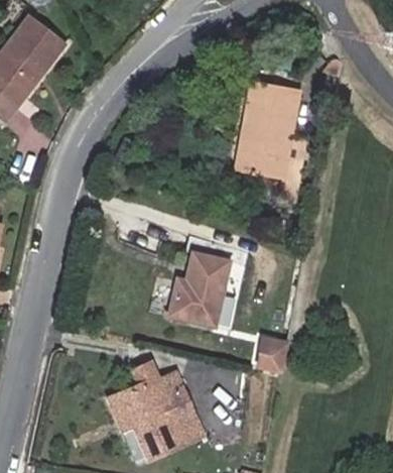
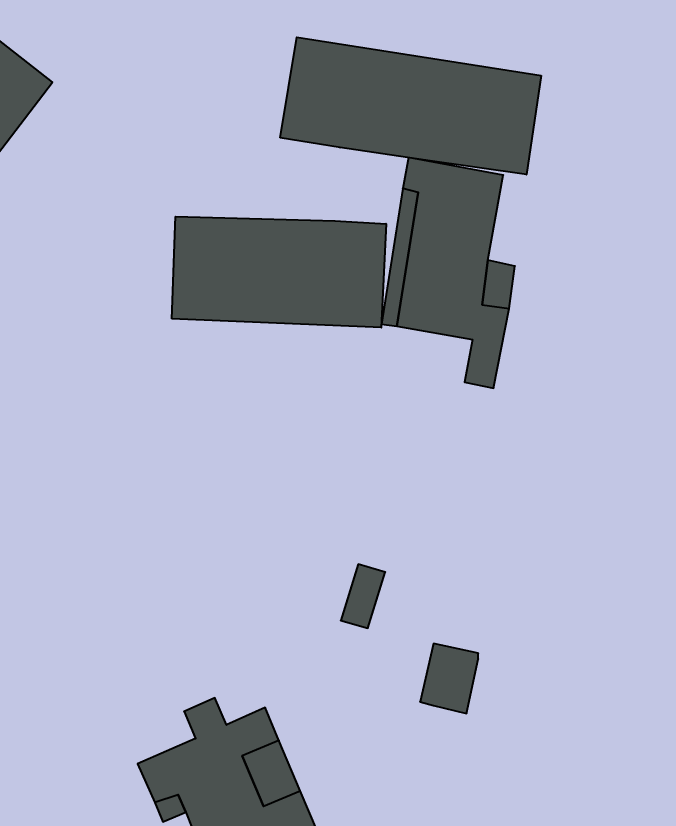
building: none -> [280,37,541,175]
building: none -> [172,217,386,328]
building: [167,251,228,326] -> none

